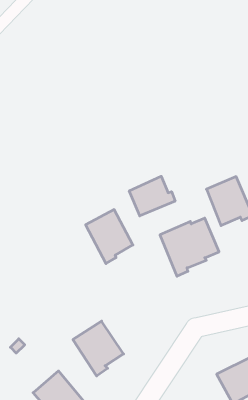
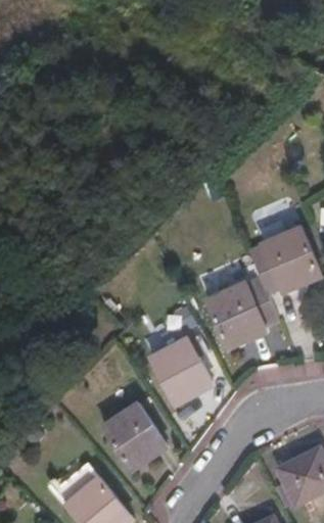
building: [129,176,175,216] -> none
building: [86,210,133,264] -> [152,339,210,405]

